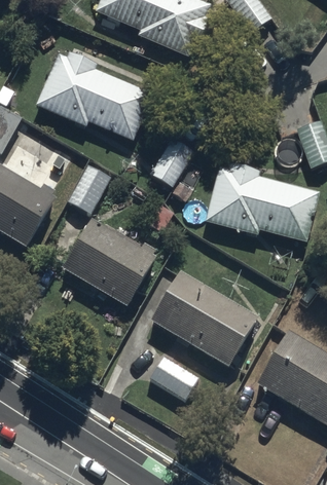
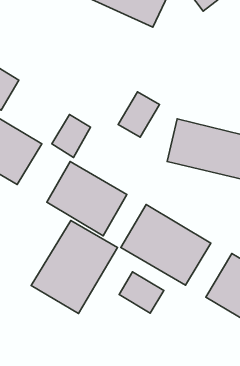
building: [36,50,151,142] -> none
building: none -> [31,220,117,314]

